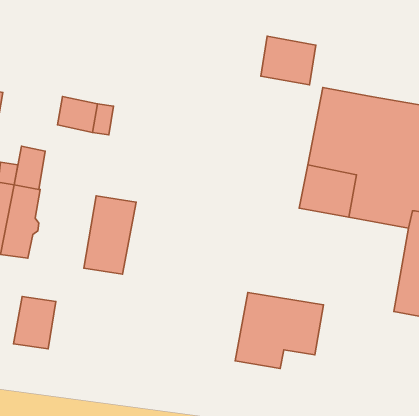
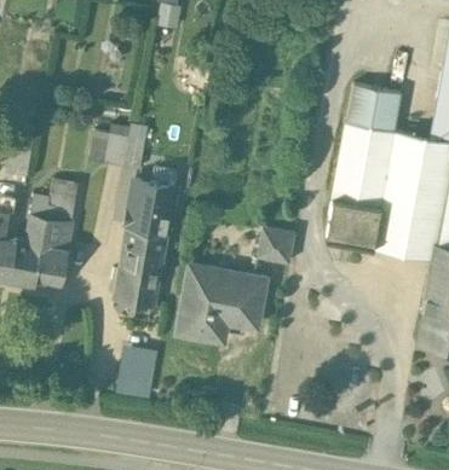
building: [261,36,316,85] -> [346,85,399,132]
building: none -> [126,179,173,234]
building: none -> [255,227,294,266]
building: [235,293,324,368] -> [177,267,263,341]
building: [13,297,56,349] -> [115,347,156,398]

